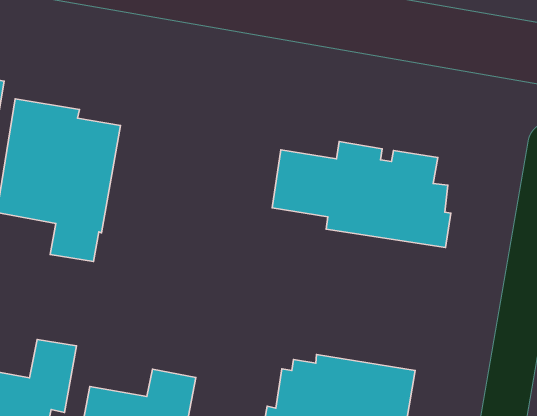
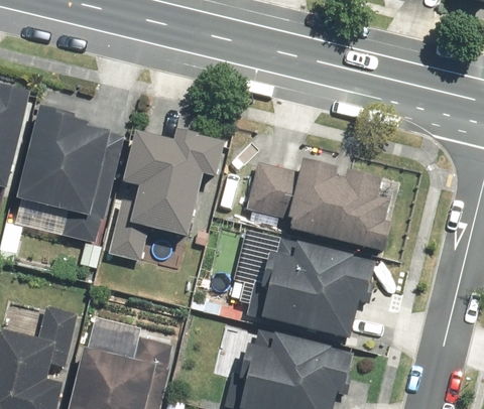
building: none -> [105,128,225,261]
building: none -> [245,234,376,337]

